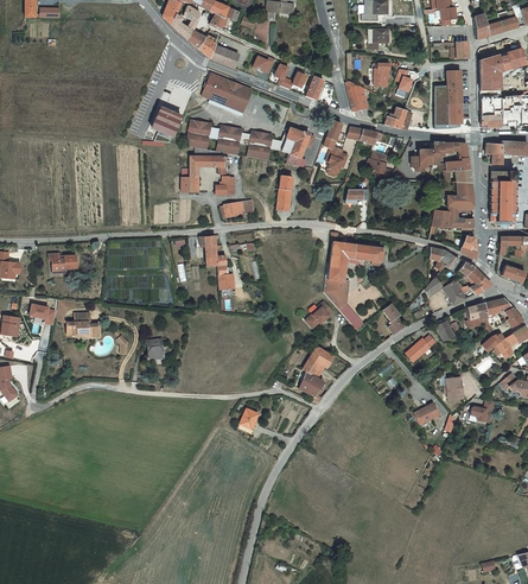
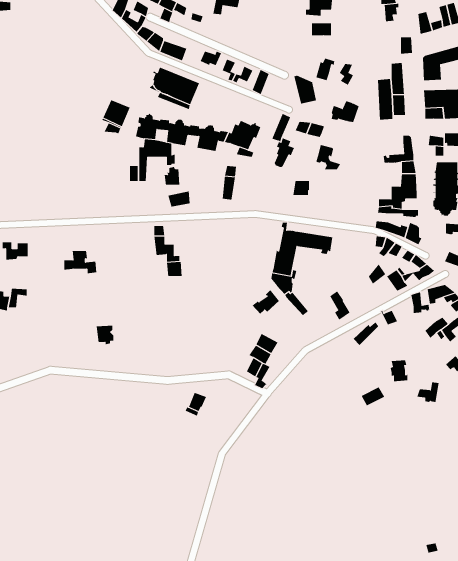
building: [413,144,452,171] -> none
building: [65,313,100,337] -> [64,251,97,274]

